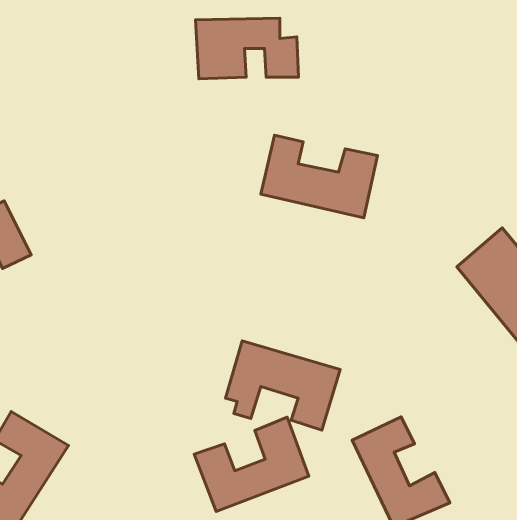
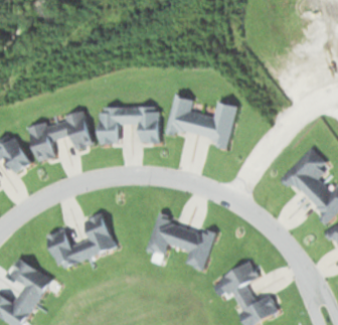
building: [195,18,298,79] -> [99,107,160,143]
building: none -> [29,112,94,161]
building: [194,417,309,511] -> [46,212,115,269]

